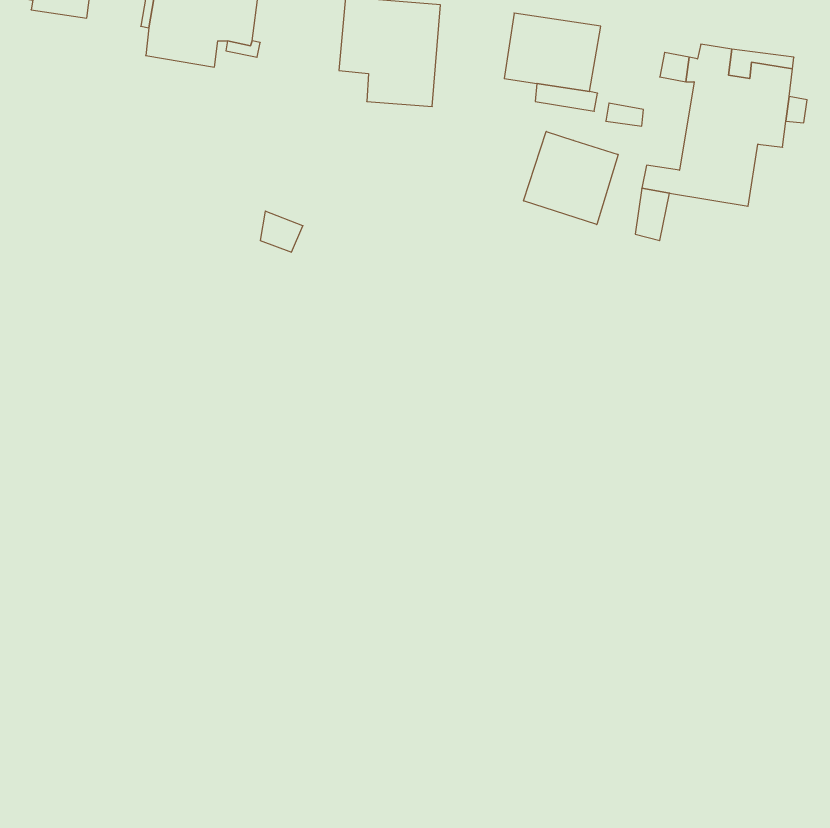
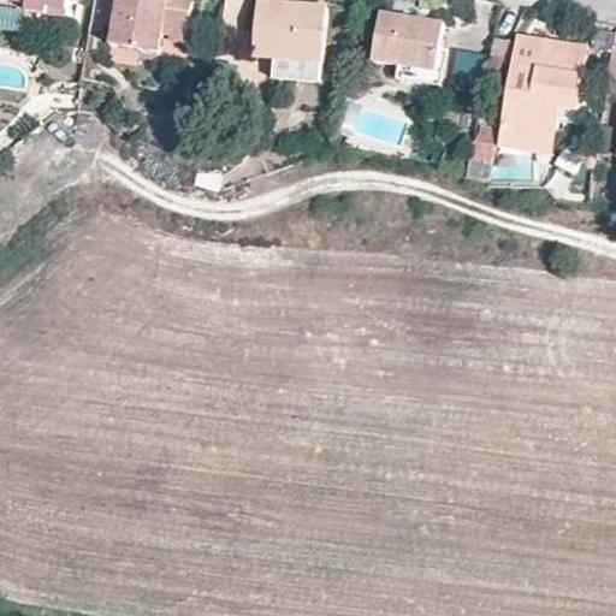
building: [524,131,618,225] -> none

